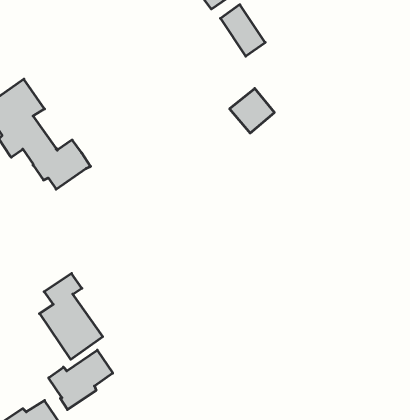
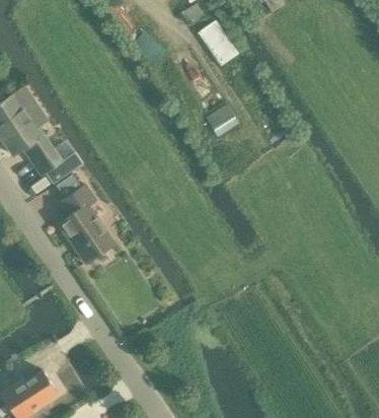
building: [39,273,103,359] -> [59,187,115,263]
building: [49,350,113,410] -> none

